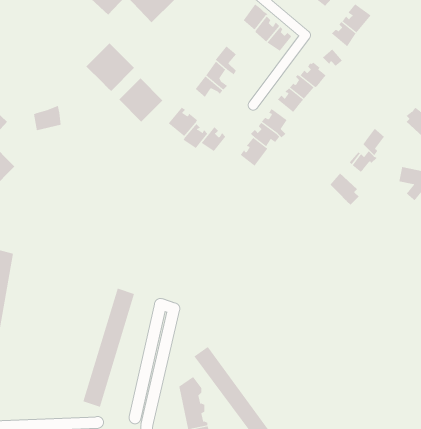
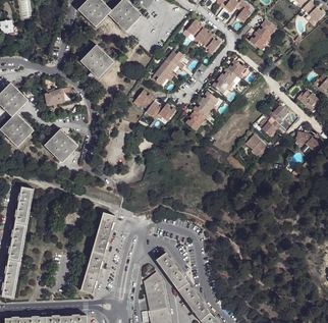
building: [118,77,163,122] -> none
building: none -> [44,129,77,163]

